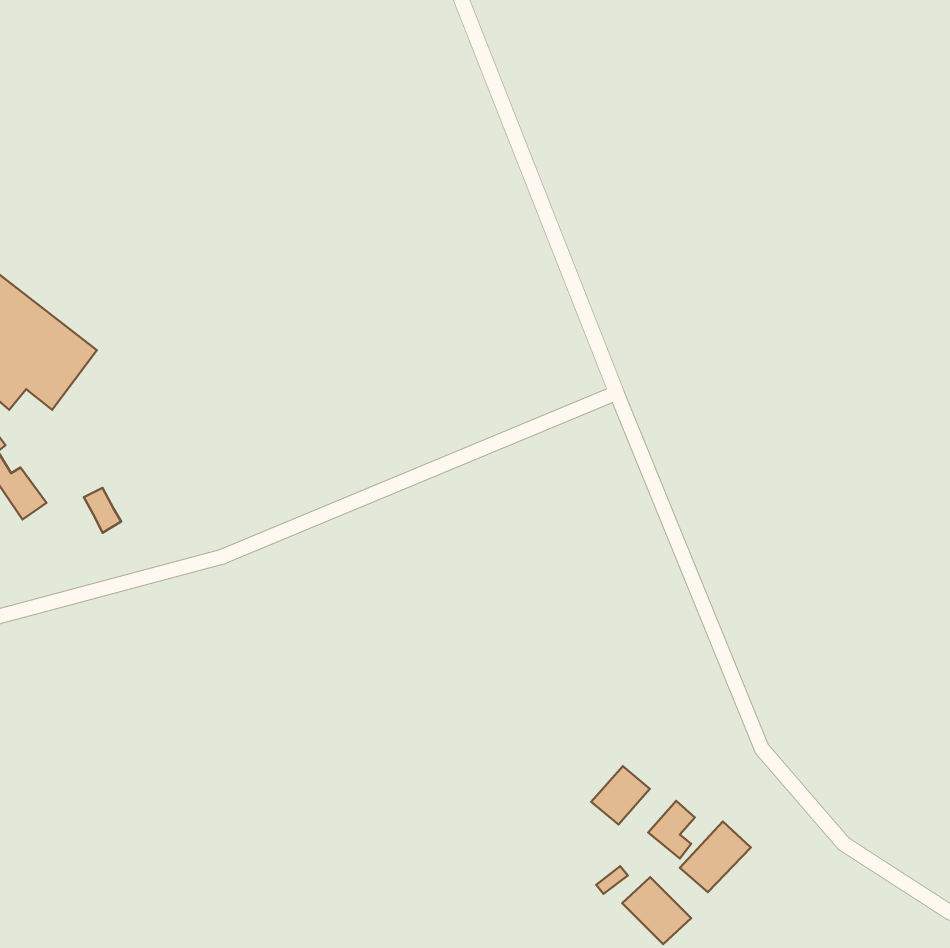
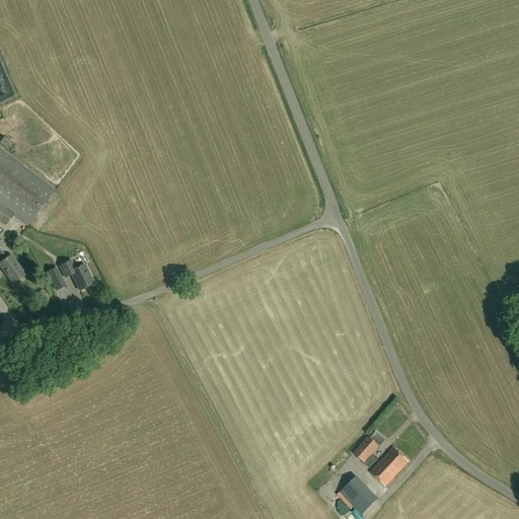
building: none -> [58,258,94,290]
building: [591,766,650,825] -> none

